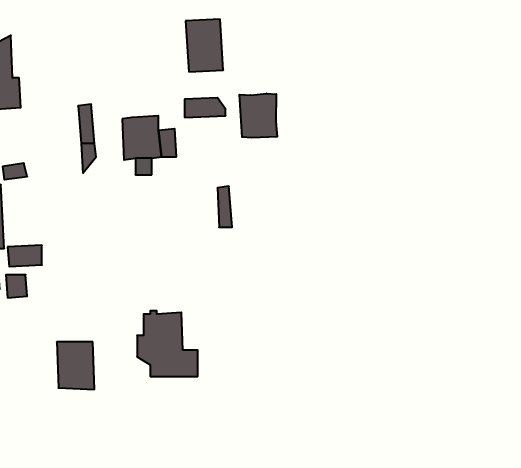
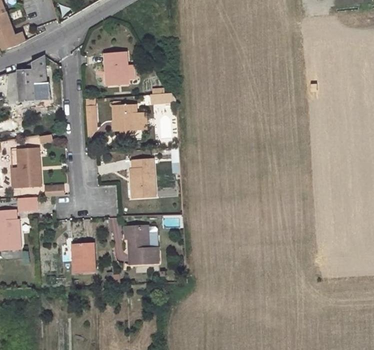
building: [186,19,223,72] -> [104,51,127,83]
building: [239,93,277,138] -> none
building: none -> [131,157,155,196]

